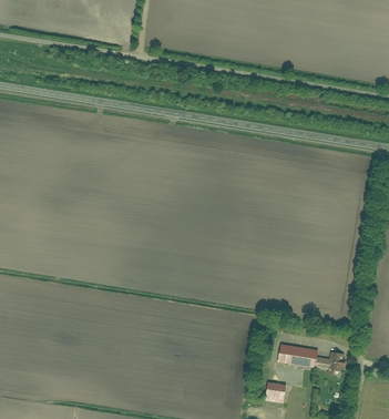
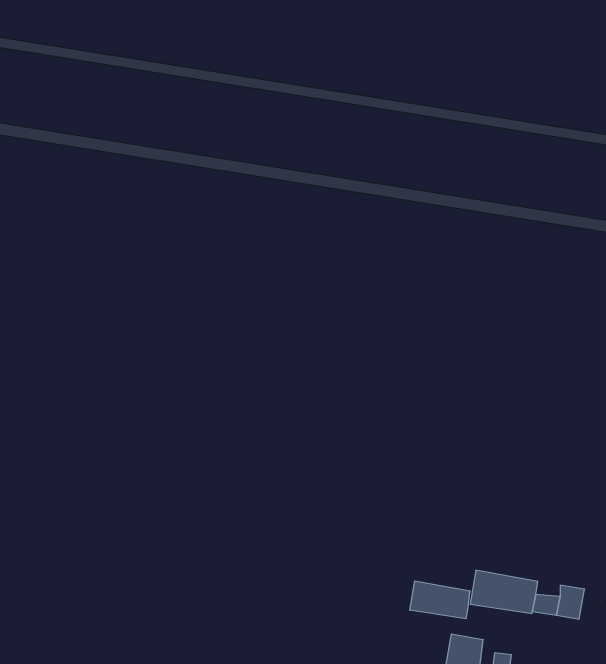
building: none -> [410,581,470,619]

